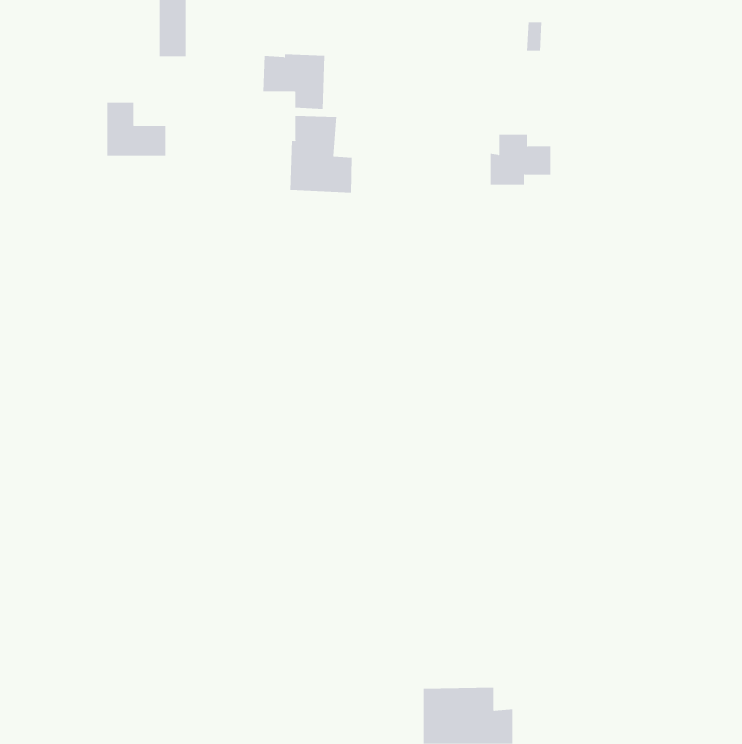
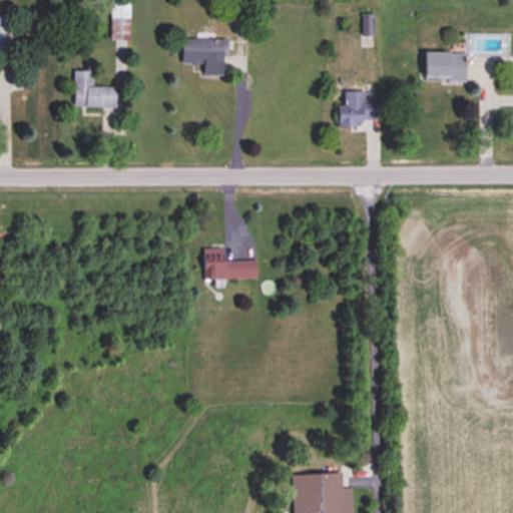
building: none -> [425,53,465,81]
building: [290,115,352,193] -> none
building: none -> [204,247,258,279]

